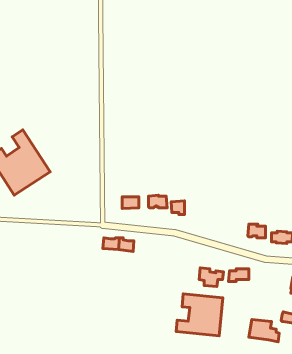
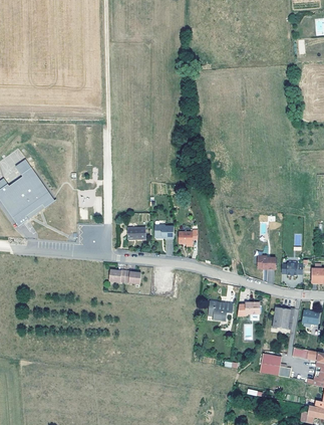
building: none -> [272,306,295,330]
building: [176,294,223,336] -> none

